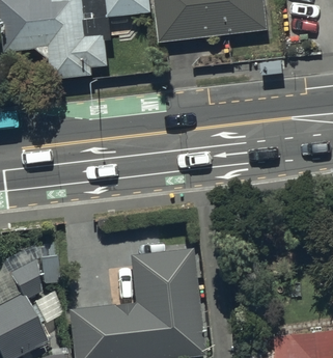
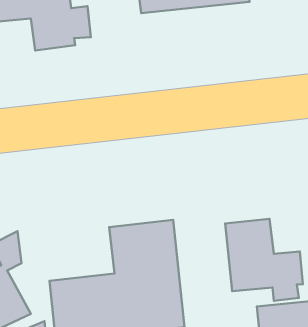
building: none -> [225,219,303,301]

